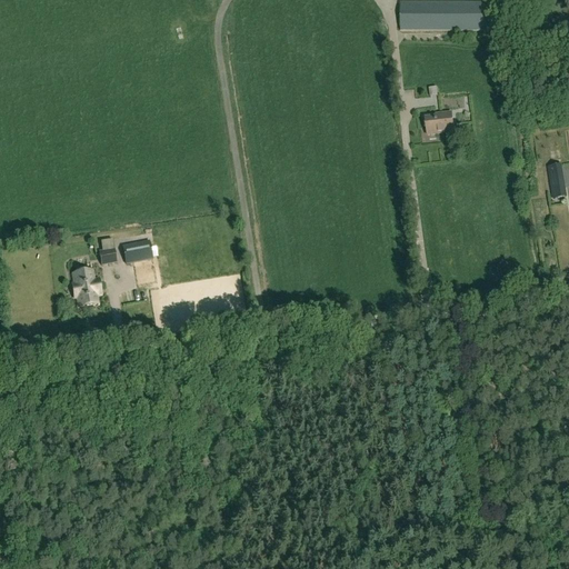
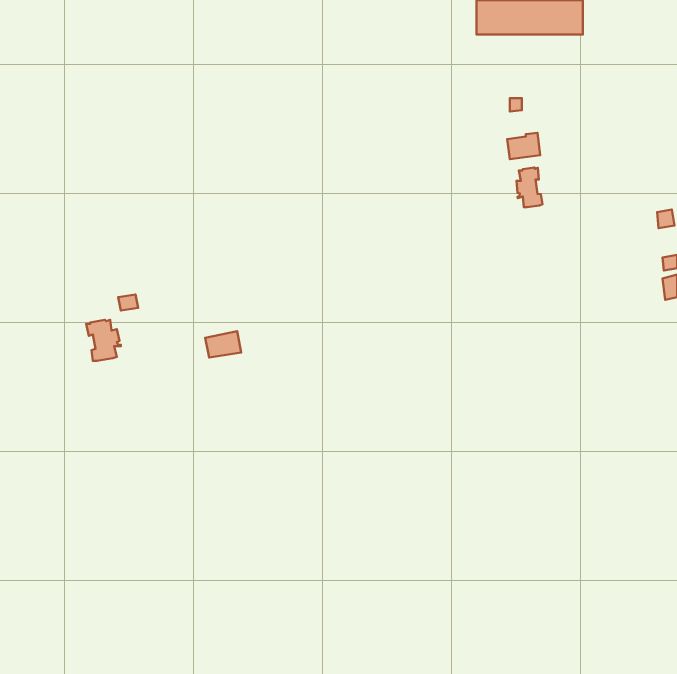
building: none -> [516,168,542,207]
building: [121,239,151,261] -> [205,331,241,358]

